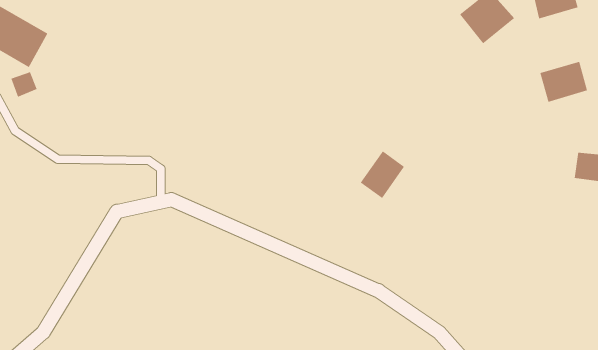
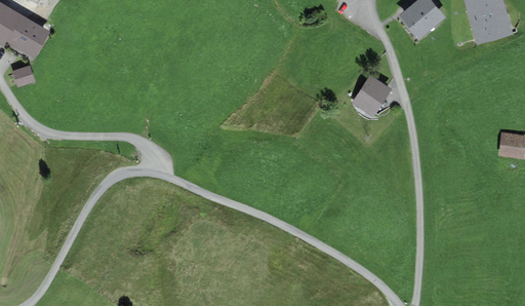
building: [539,61,588,103] -> [469,7,511,43]
building: [360,150,405,199] -> [352,76,391,118]

